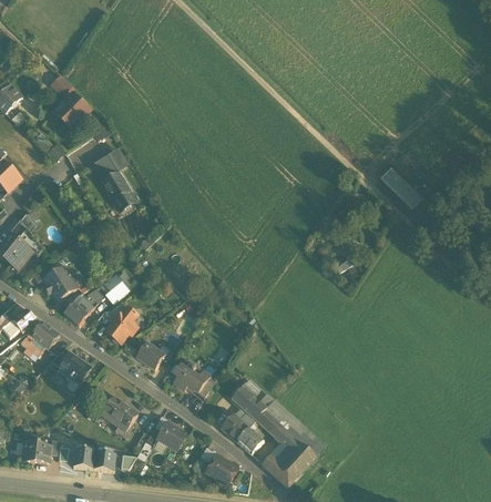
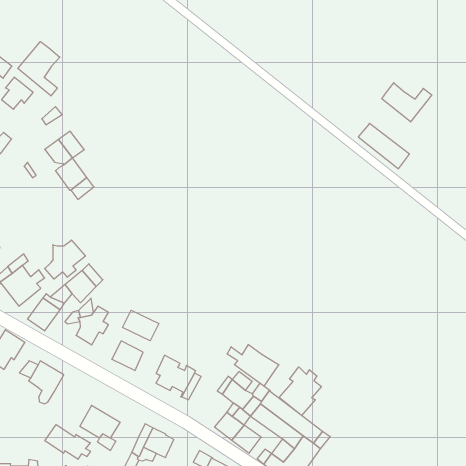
building: none -> [18,42,60,96]
building: none -> [382,83,432,122]
building: none -> [45,240,85,279]
building: none -> [123,310,159,341]
building: none -> [227,345,279,386]
building: none -> [279,367,321,415]
building: none -> [45,425,90,459]

